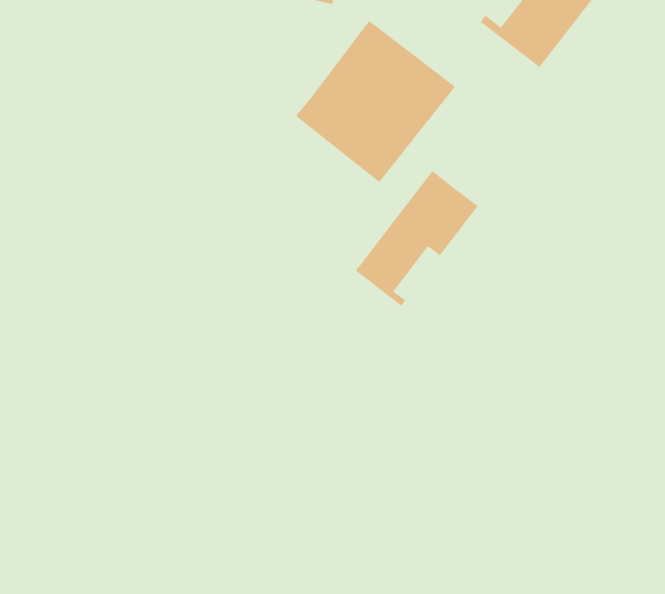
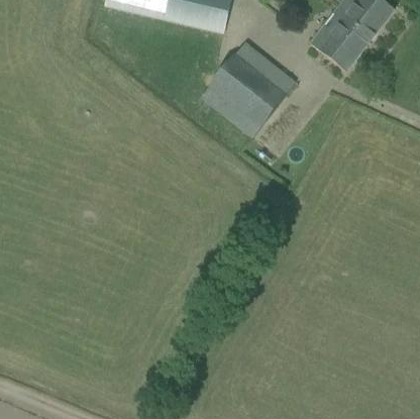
building: [355,170,479,307] -> none

